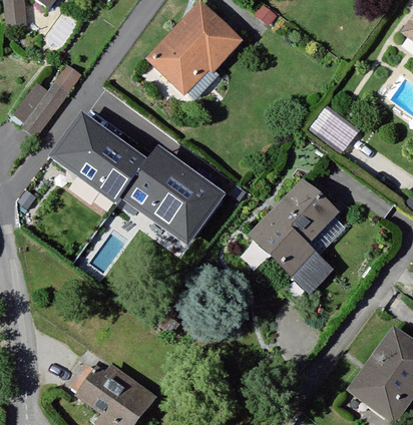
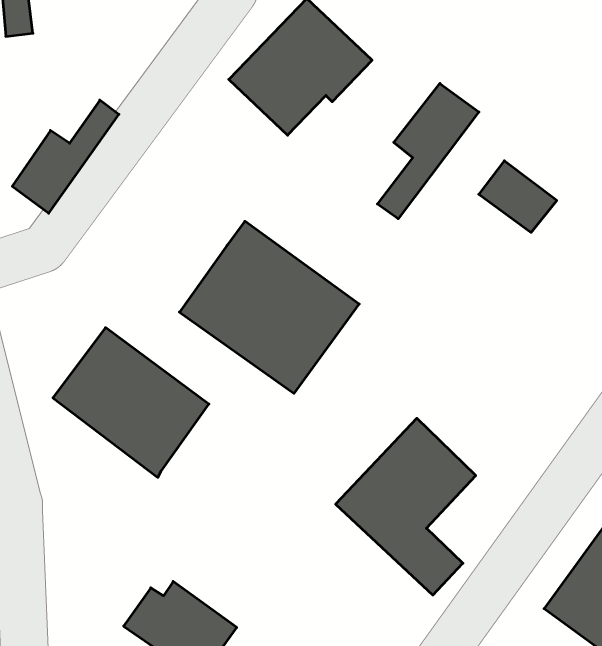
building: none -> [377,83,479,219]
building: [50,110,148,204] -> [53,328,209,477]
building: [249,177,337,289] -> [336,418,476,595]

